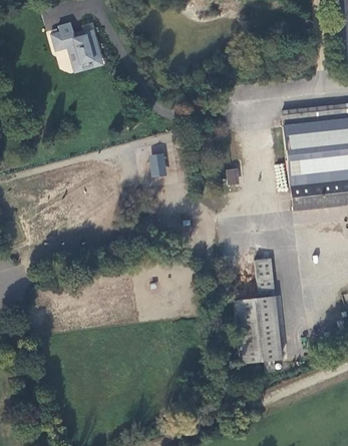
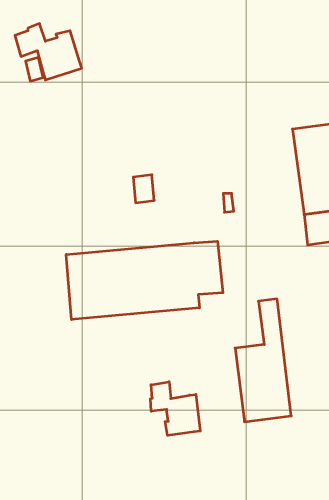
building: none -> [66,241,223,320]
building: none -> [150,382,200,435]

